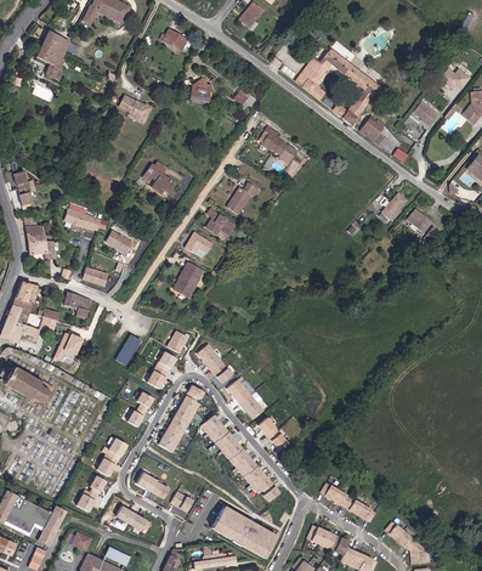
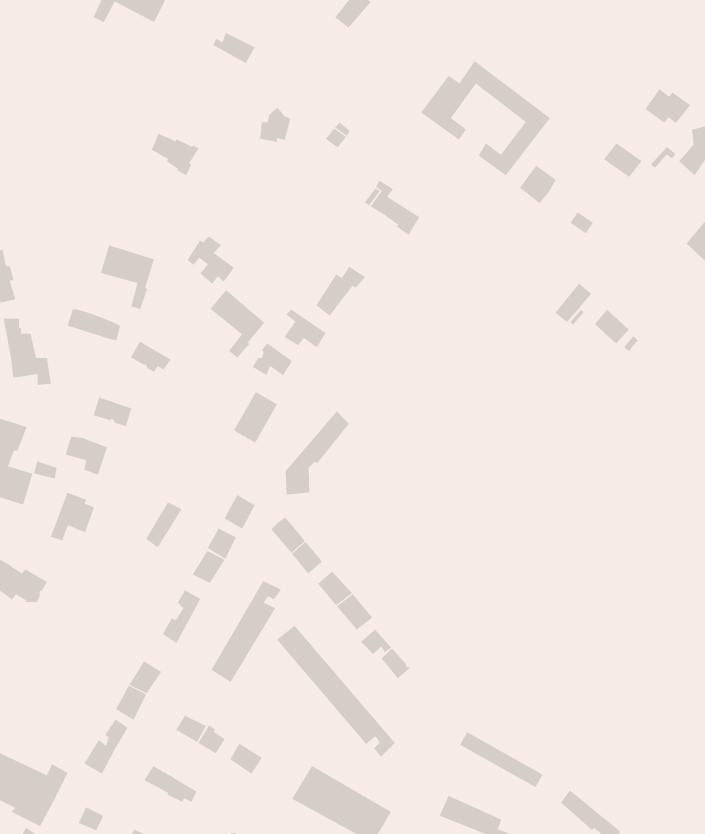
building: [35,29,70,80] -> none
building: none -> [100,244,155,310]
building: none -> [210,289,265,359]
building: none -> [285,411,349,495]

